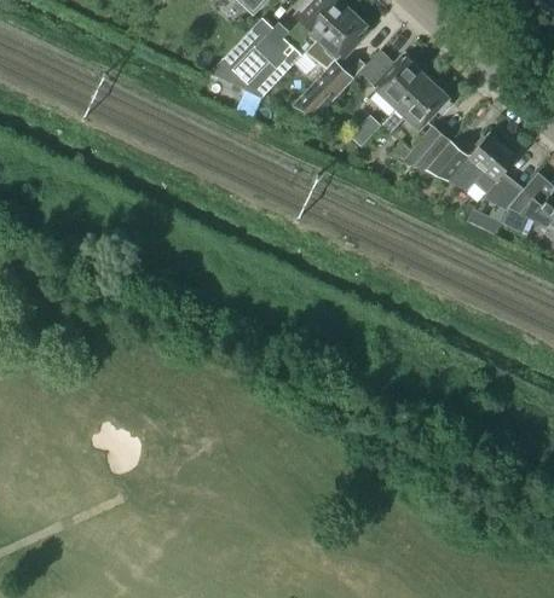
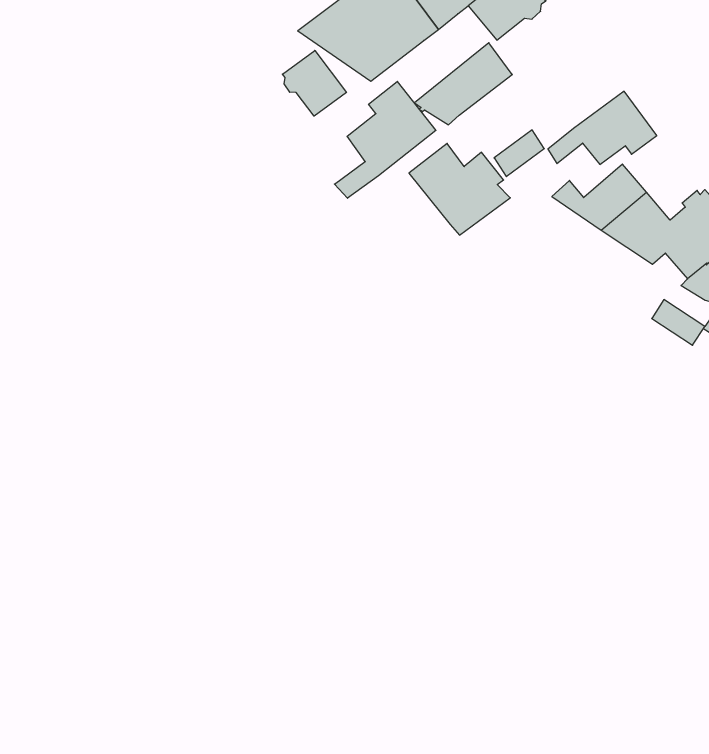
building: [359,50,427,108] -> [409,143,510,235]
building: none -> [282,50,346,116]
building: none -> [334,81,436,198]

